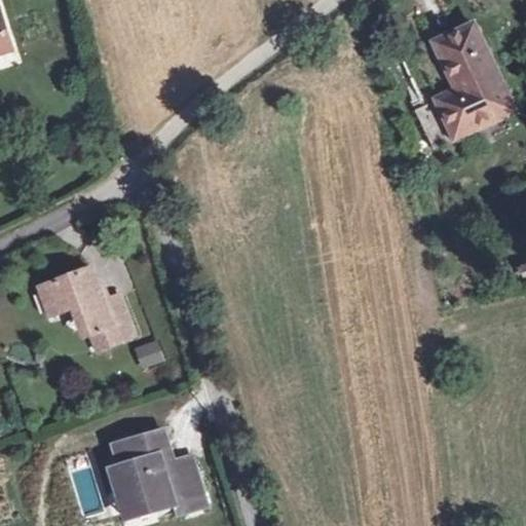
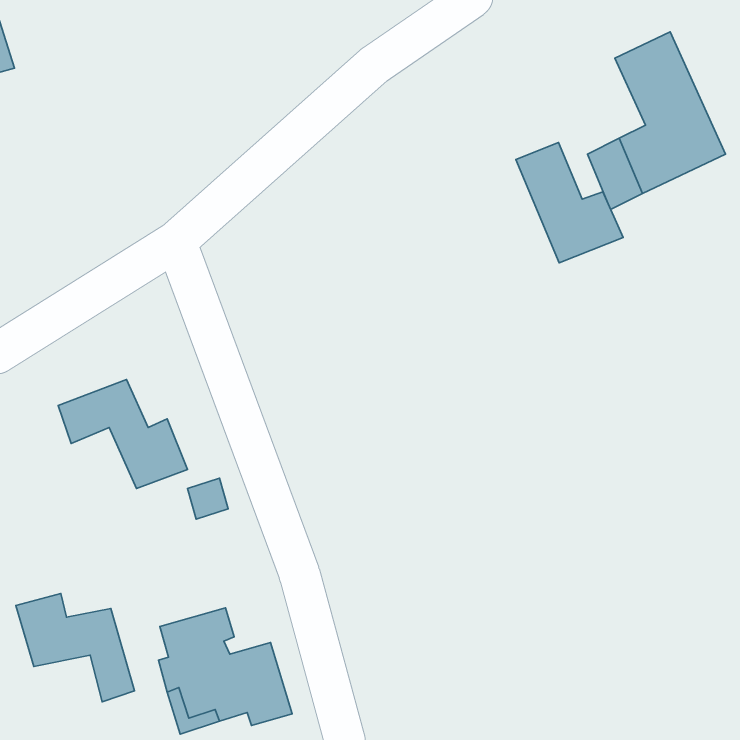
building: none -> [516,143,623,263]
building: none -> [16,593,135,702]

